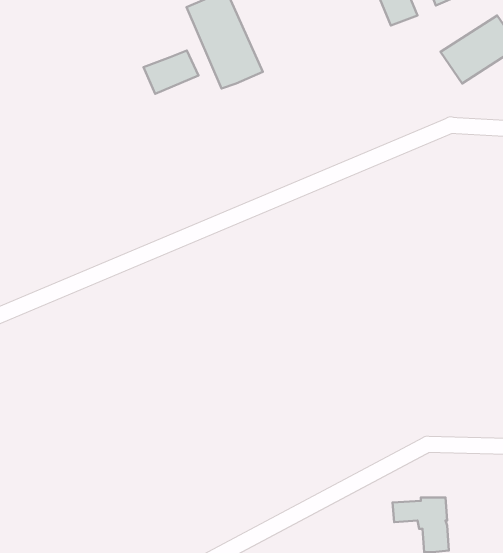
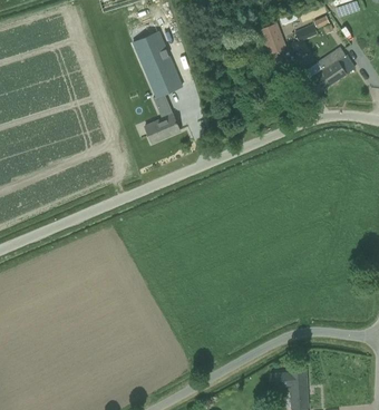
building: [144,51,198,94] -> [144,114,181,143]

